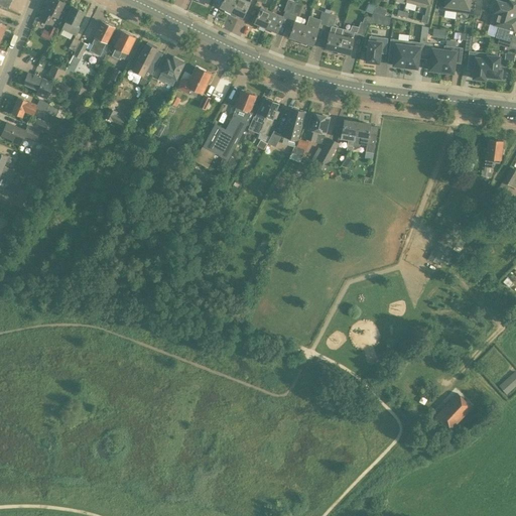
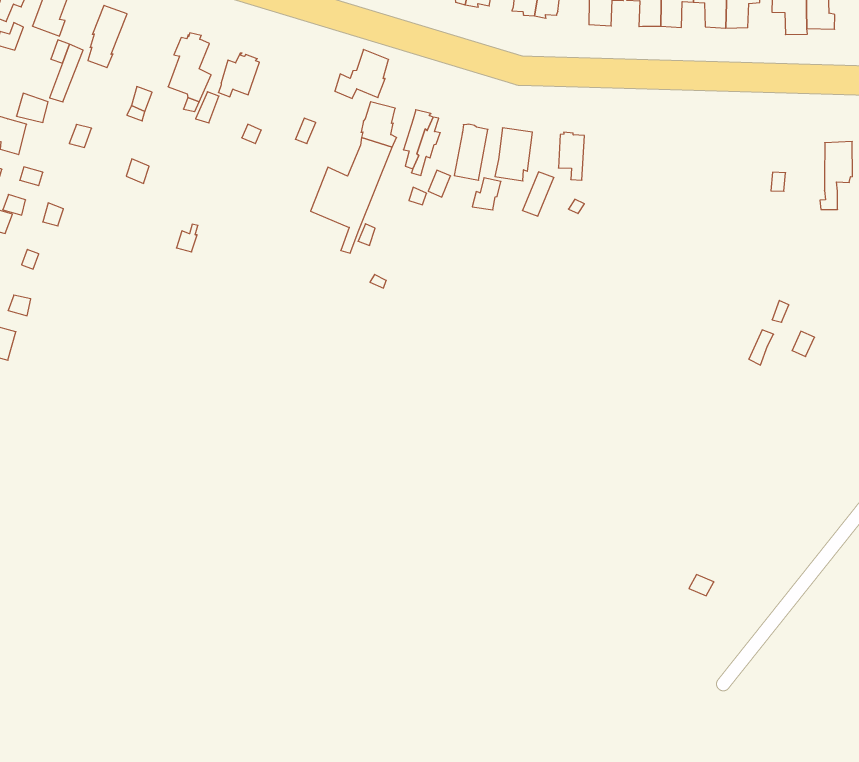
building: [112,30,135,58] -> none
building: [178,67,210,94] -> [335,49,389,98]
building: [353,121,376,152] -> none
building: [435,392,472,429] -> none

